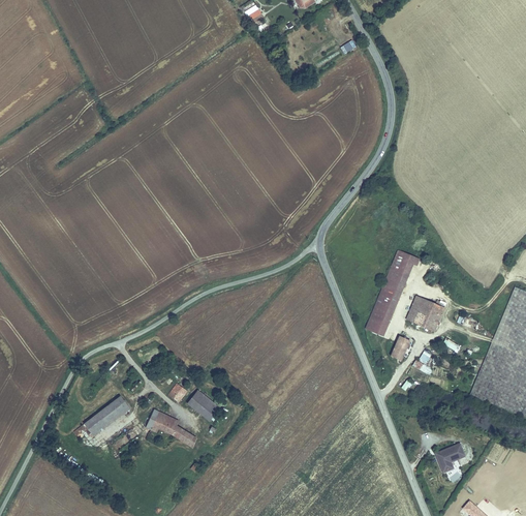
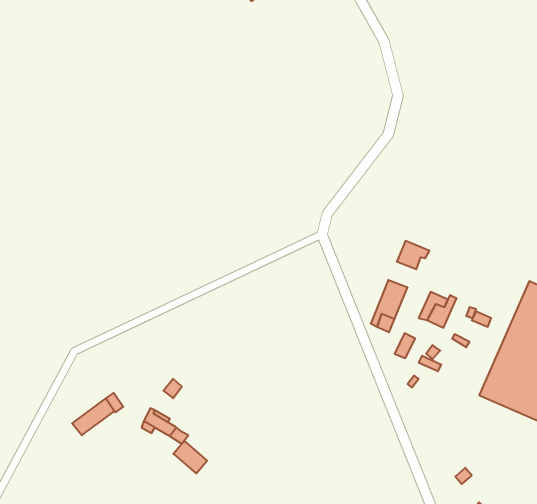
building: [383,270,410,295] -> none
building: [187,389,219,420] -> [173,441,207,473]
building: [431,443,459,471] -> none

